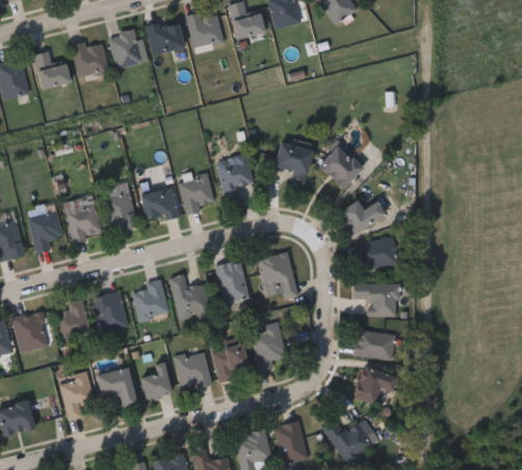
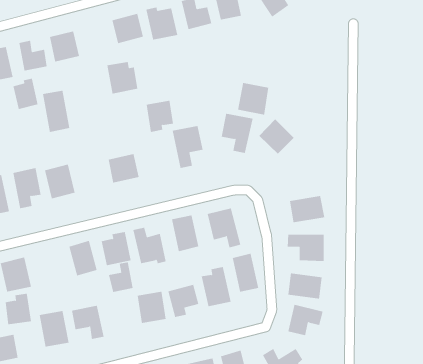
building: [108,31,146,70] -> [107,62,138,94]
building: none -> [13,78,38,110]
building: none -> [238,82,269,115]
building: [180,176,213,214] -> [146,100,174,132]
building: [103,183,136,233] -> [42,90,70,132]
building: [338,200,385,235] -> none
building: [56,301,88,338] -> [5,293,32,325]
building: none -> [232,253,259,292]
building: [140,362,171,398] -> [108,262,134,293]

